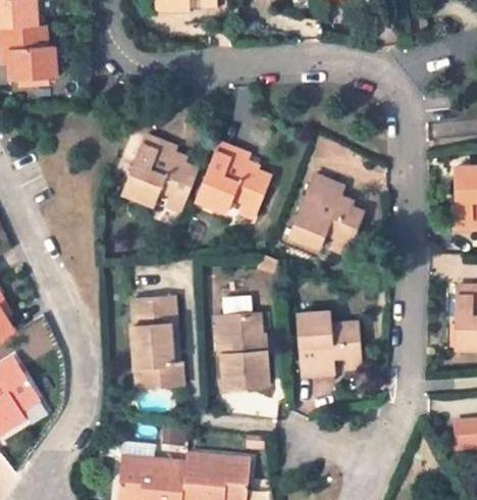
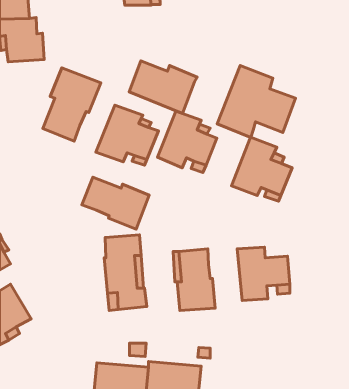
building: none -> [129,61,197,113]
building: none -> [217,65,295,137]
building: none -> [43,68,101,141]
building: none -> [82,177,149,229]

